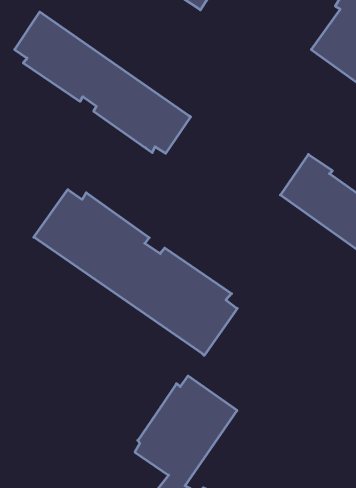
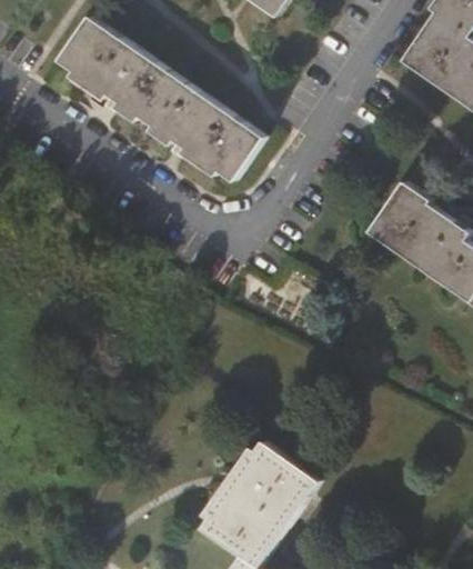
building: [34,190,237,355] -> none

